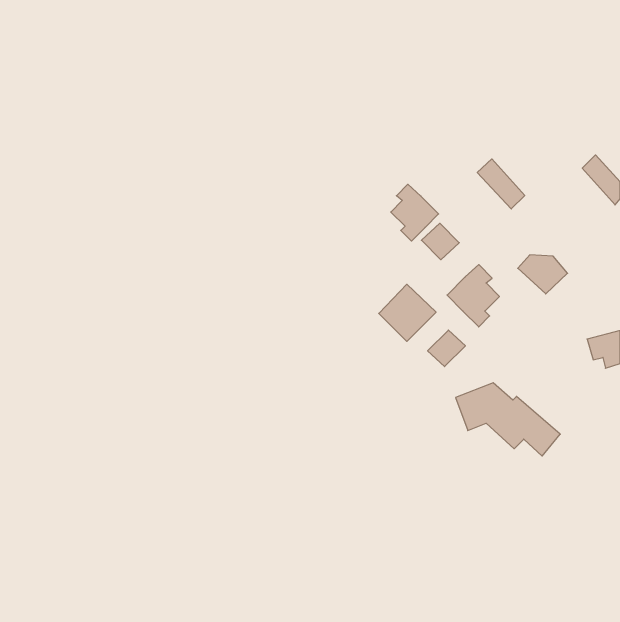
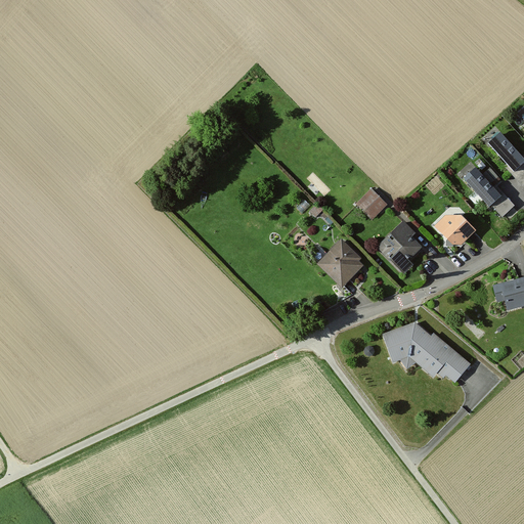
building: [477,159,525,209] -> [464,164,504,206]
building: [391,184,439,241] -> none
building: [428,330,465,367] -> none

